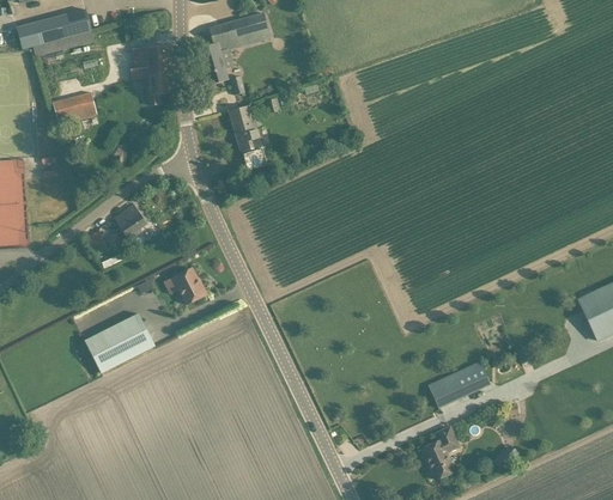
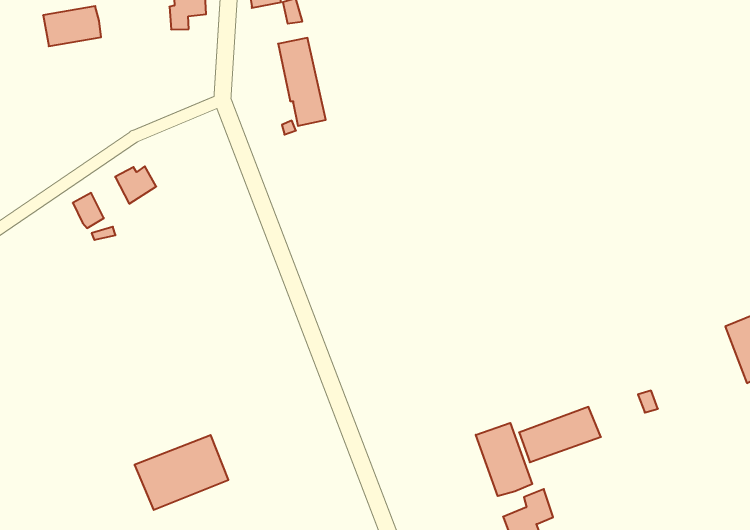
building: [172,267,207,303] -> none
building: [84,312,154,371] -> [134,435,228,510]
building: none -> [476,423,532,496]

